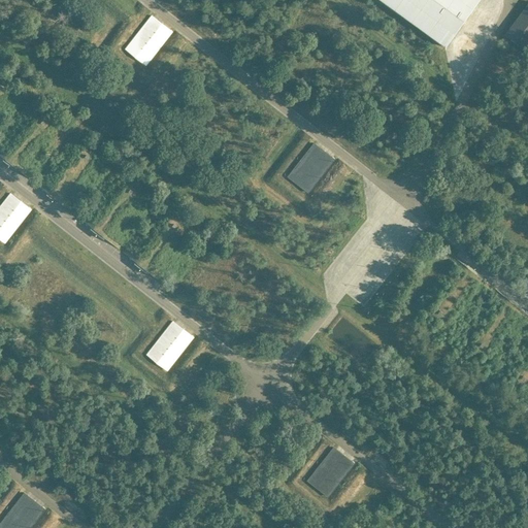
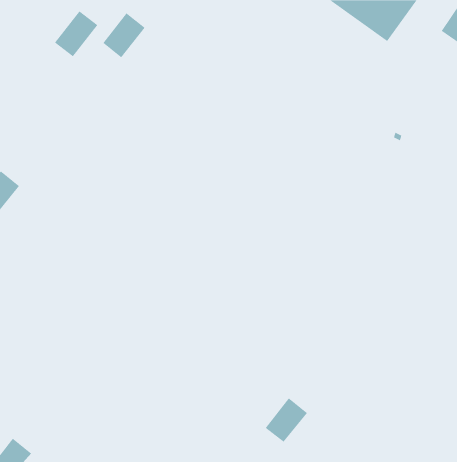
building: none -> [54,10,98,57]
building: [287,142,335,194] -> none
building: [145,320,194,371] -> none

